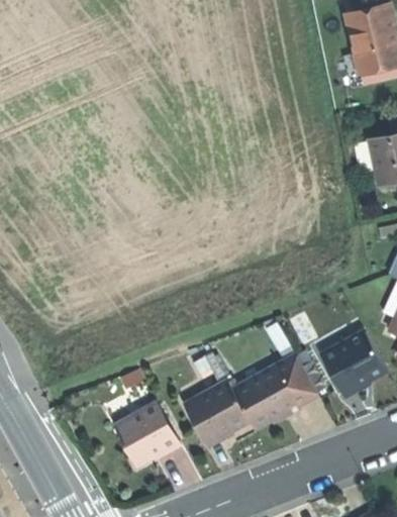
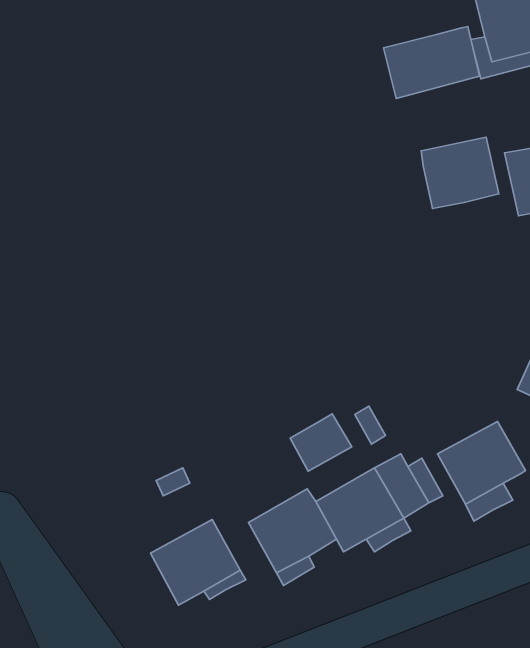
building: none -> [384,26,479,98]
building: none -> [421,137,499,209]
building: none -> [290,414,352,471]

